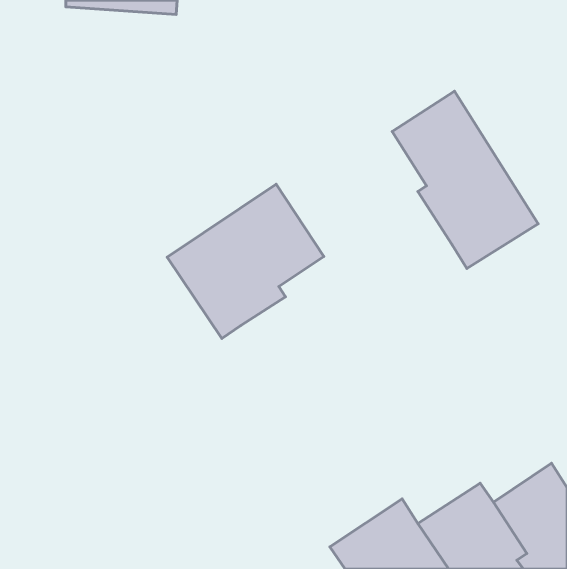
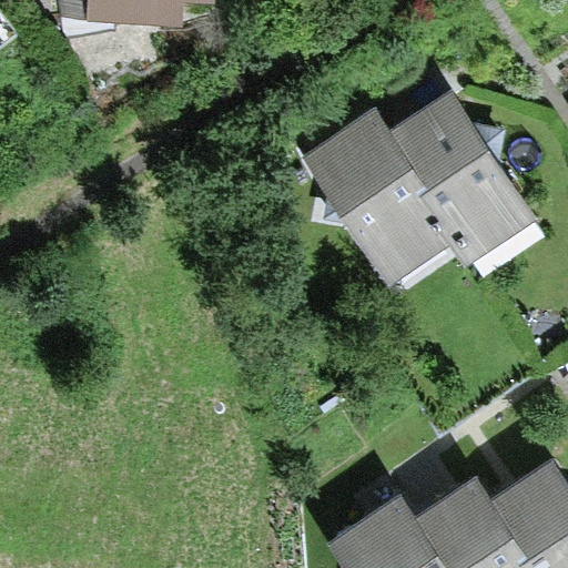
building: none -> [303,109,450,285]
building: [167,184,324,339] -> none

